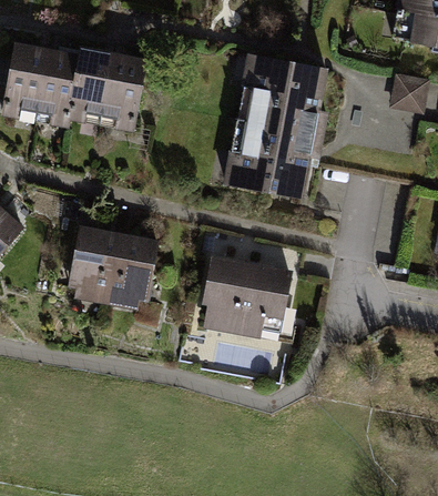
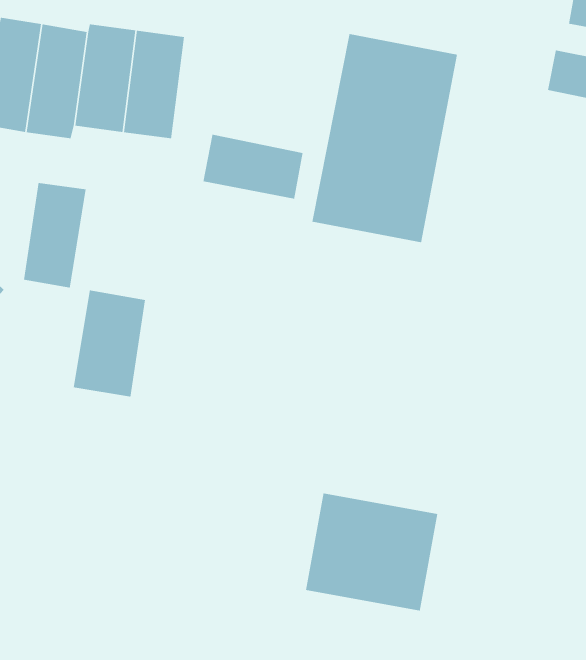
building: none -> [203,134,303,199]
building: [104,236,147,308] -> [23,183,87,288]
building: [200,257,291,338] -> [305,493,438,611]

